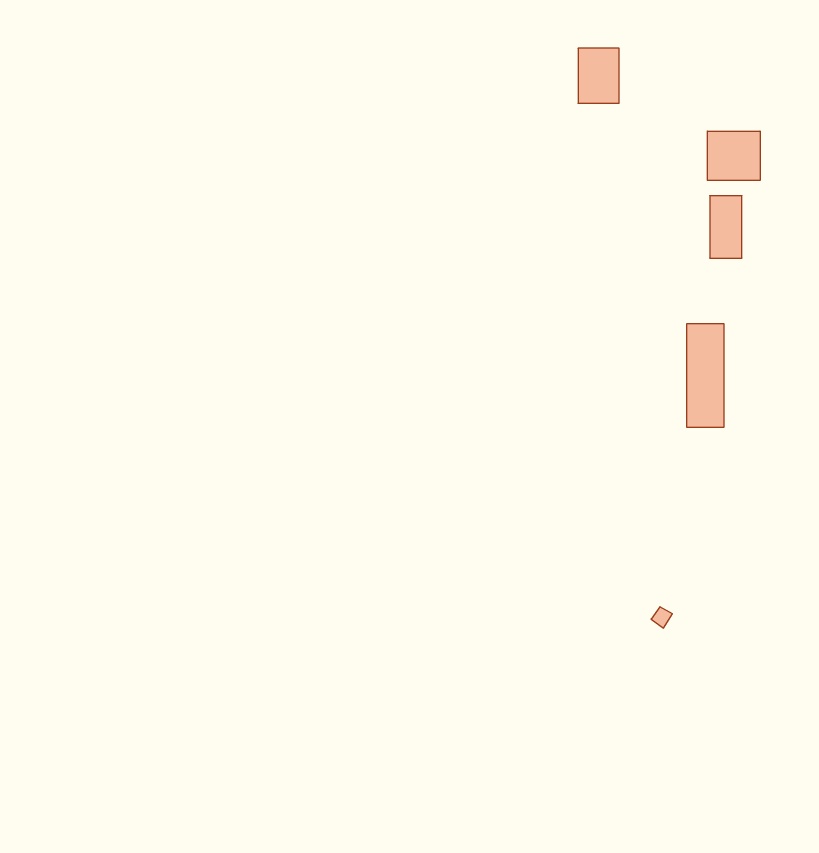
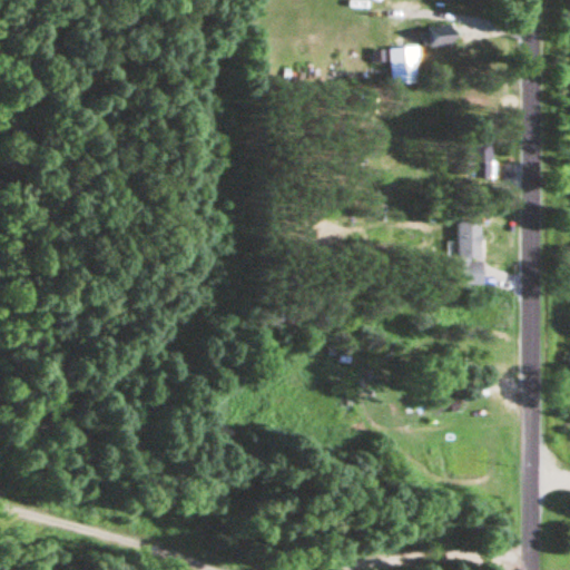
building: none -> [426,27,459,45]
building: [707,131,760,180] -> none

